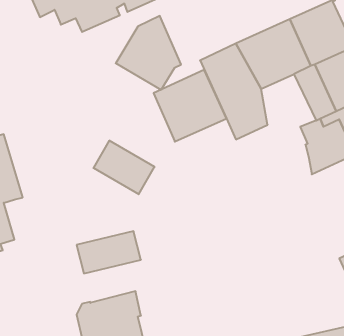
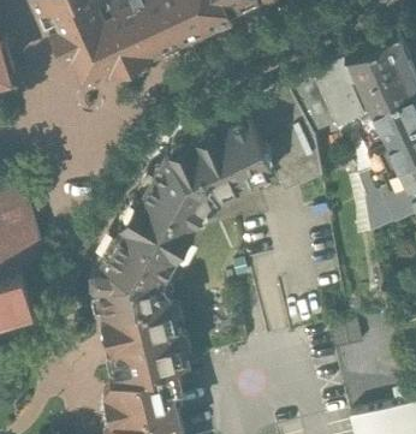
building: [116,16,181,90] -> [141,142,215,226]
building: none -> [94,227,174,315]
building: none -> [112,332,185,381]

